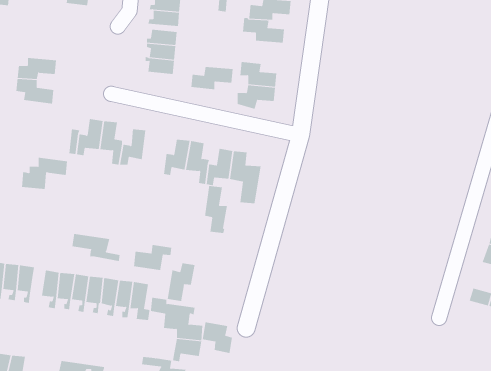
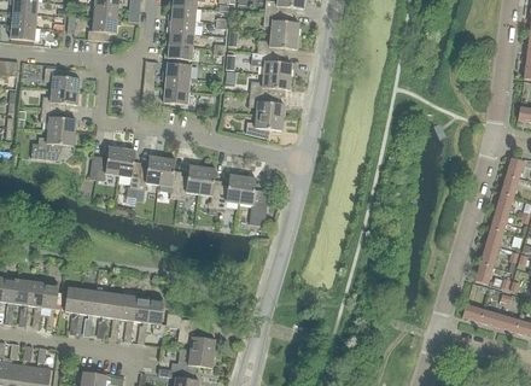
building: none -> [43,66,80,90]
building: [191,66,233,90] -> [250,72,290,94]
building: none -> [158,156,180,197]
building: [21,157,68,190] -> [31,128,75,158]
building: [205,185,228,234] -> none
building: [72,233,120,262] -> none
building: [133,244,172,271] -> none
building: [167,262,195,302] -> none
building: [202,322,232,354] -> none

